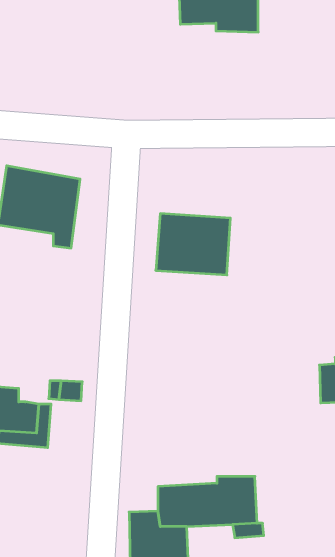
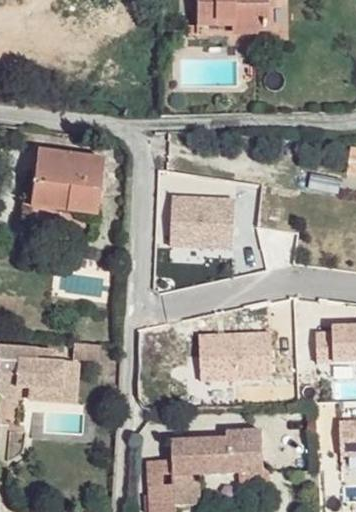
building: none -> [200,330,274,380]

